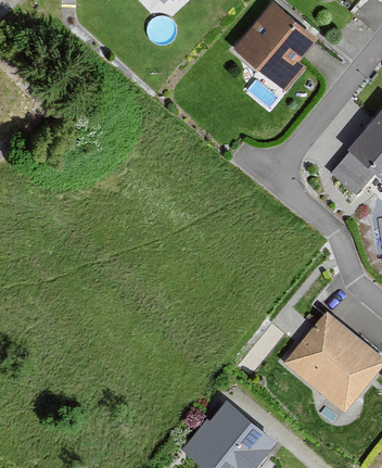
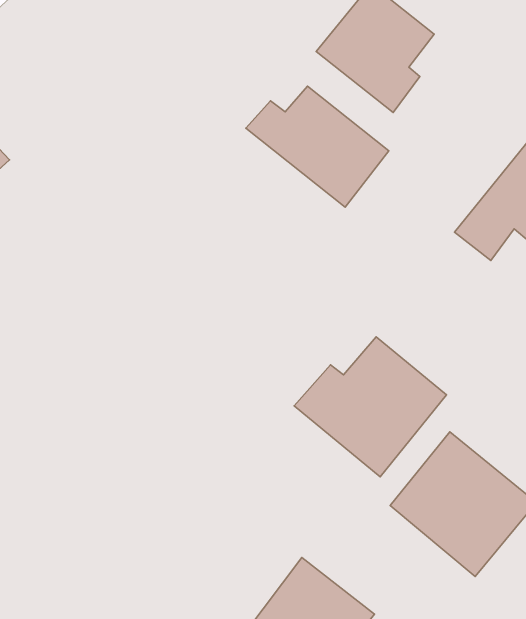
building: none -> [246,86,389,207]
building: none -> [294,337,447,477]

